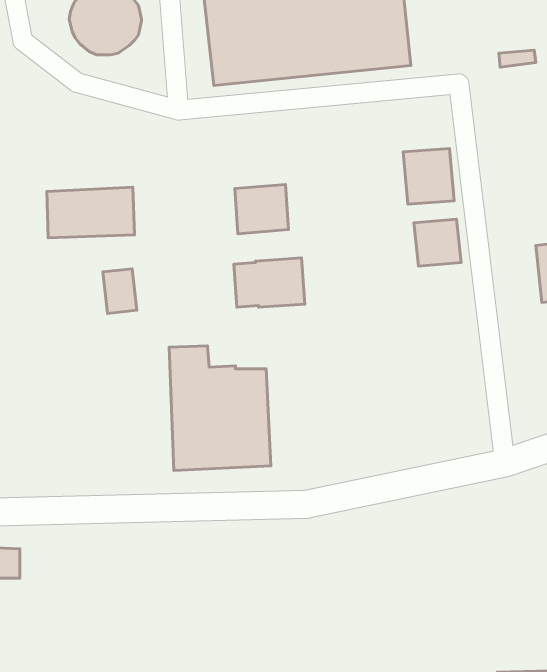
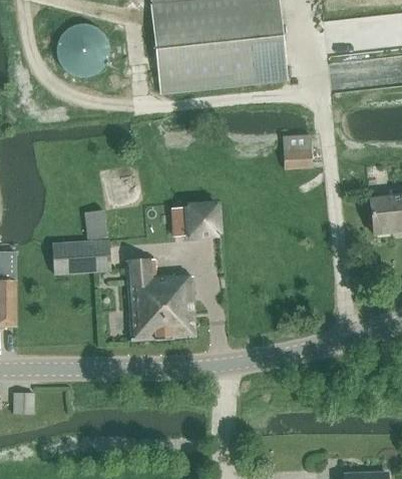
building: [235,184,289,234] -> none
building: [47,187,134,238] -> [55,241,112,274]
building: [414,219,461,266] -> none

